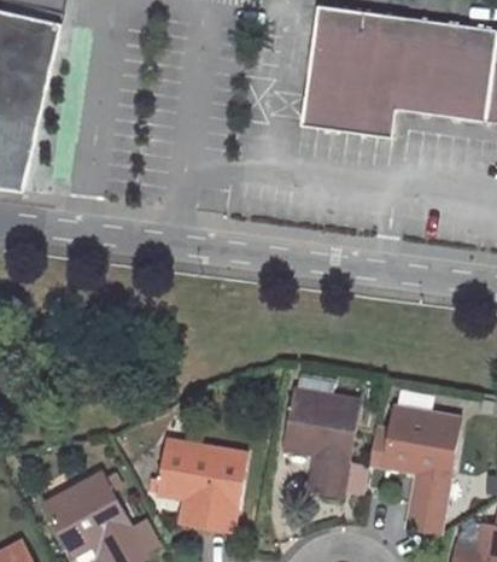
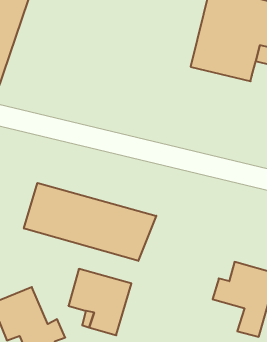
building: none -> [24,183,156,261]
building: [285,390,369,496] -> none

